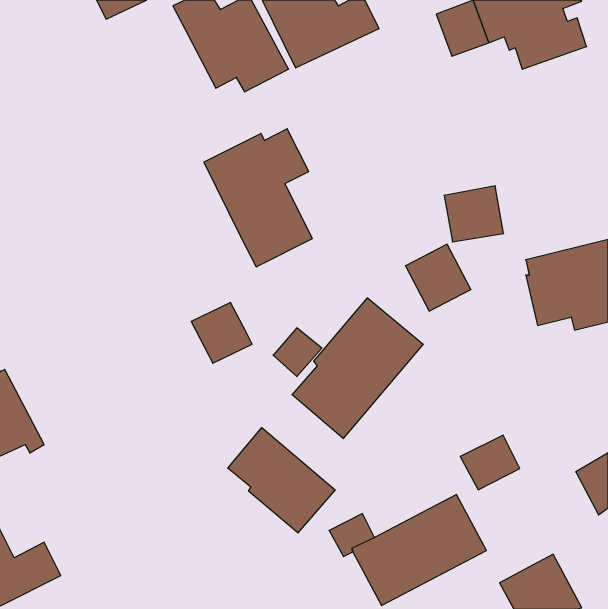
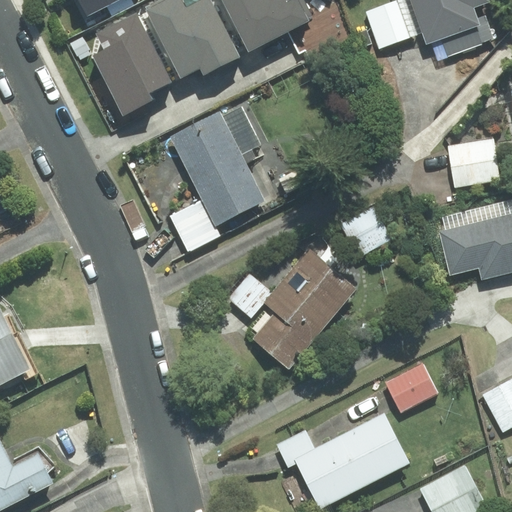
building: none -> [95,16,171,120]
building: [444,186,504,242] -> [448,140,498,187]
building: [191,302,252,363] -> [169,199,220,250]
building: [228,428,335,533] -> none

